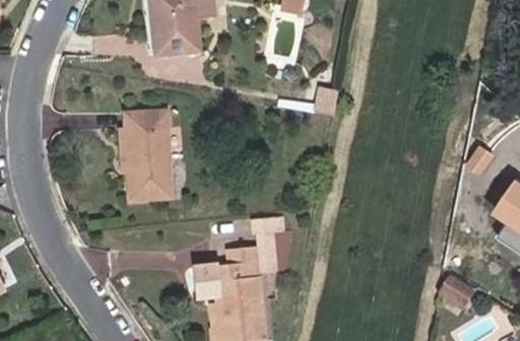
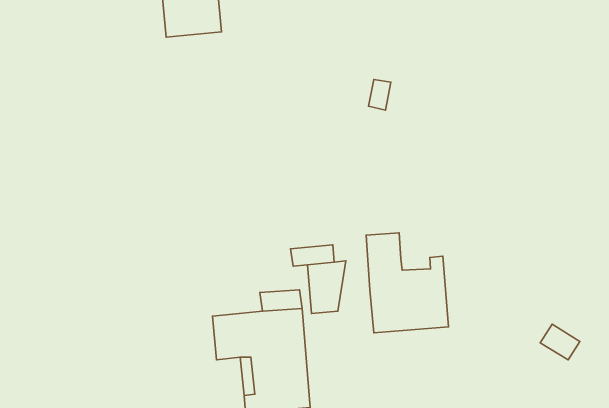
building: [123,111,172,200] -> none
building: none -> [366,233,448,333]

